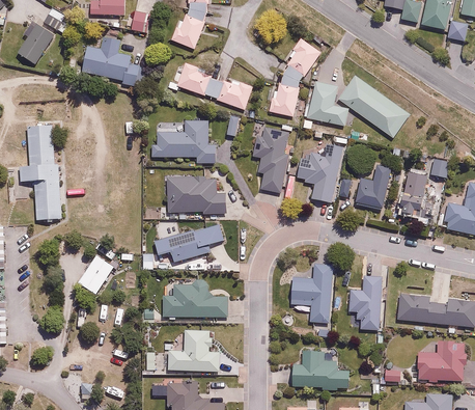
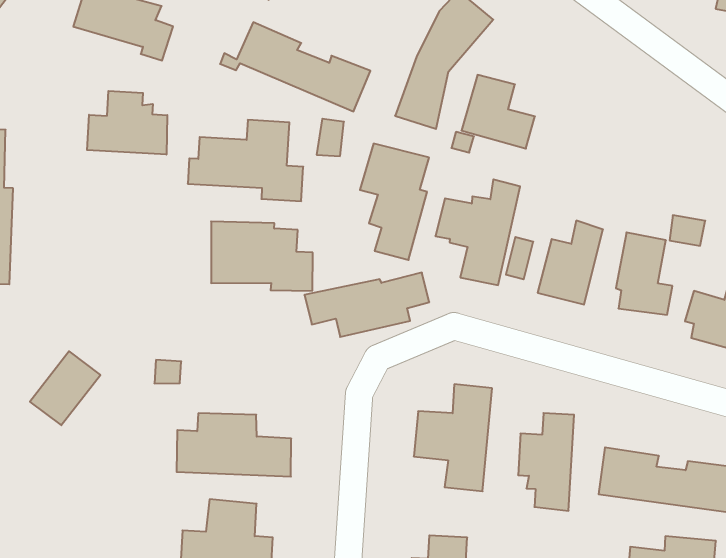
building: [340,76,411,137] -> none
building: none -> [87,91,167,155]
building: [152,222,224,262] -> [304,273,429,337]

